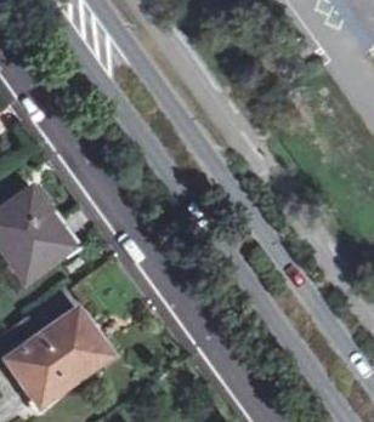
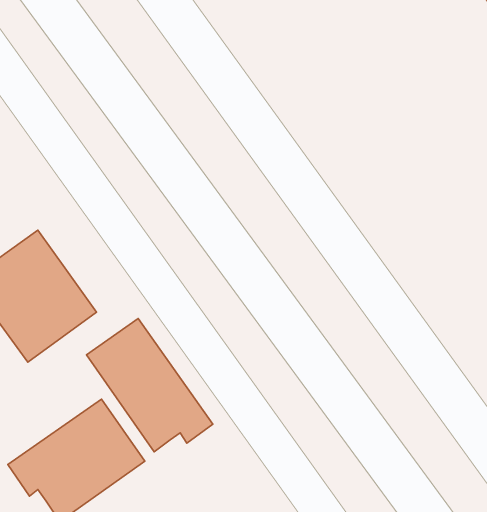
building: none -> [86,318,213,452]

